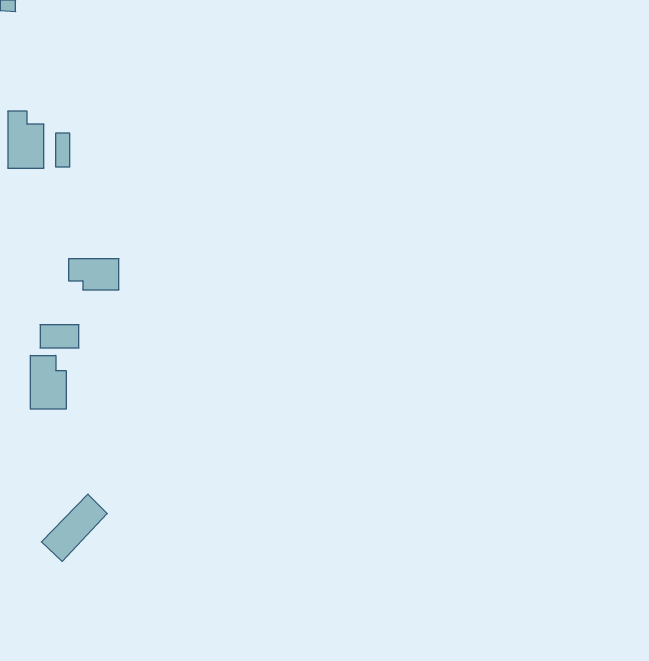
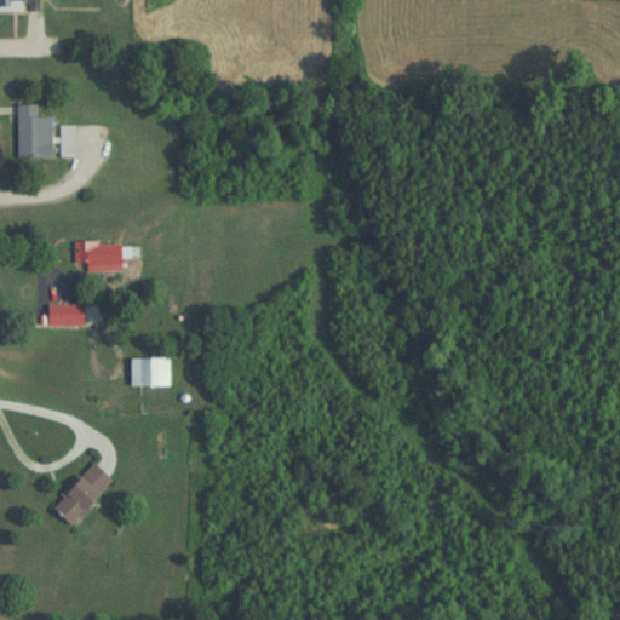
building: [30,355,66,409] -> none
building: none -> [130,358,170,385]

